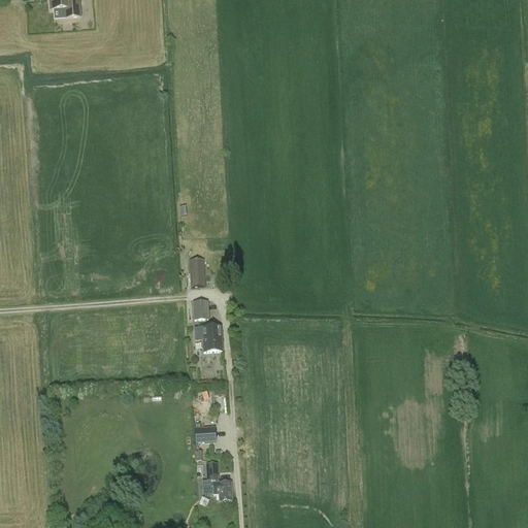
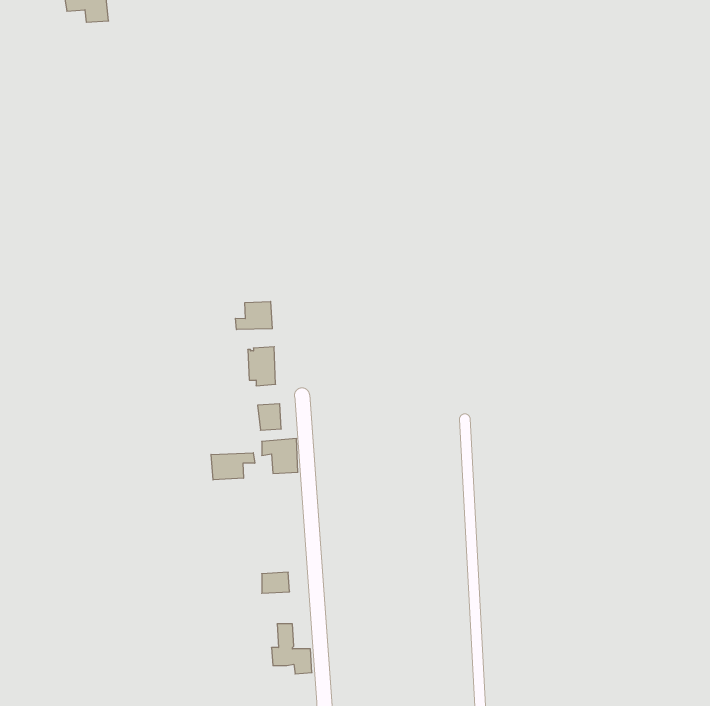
building: none -> [235,301,272,330]
building: none -> [211,453,255,480]

